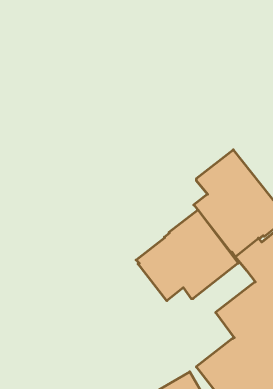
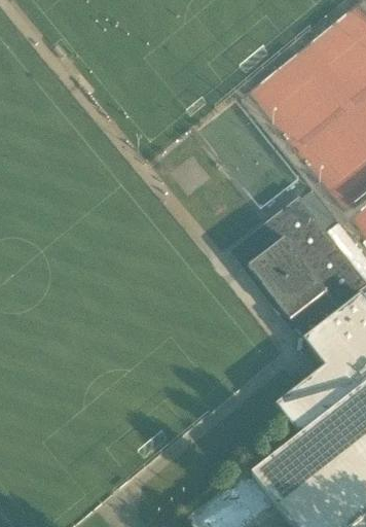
building: [136,210,238,301] -> none

